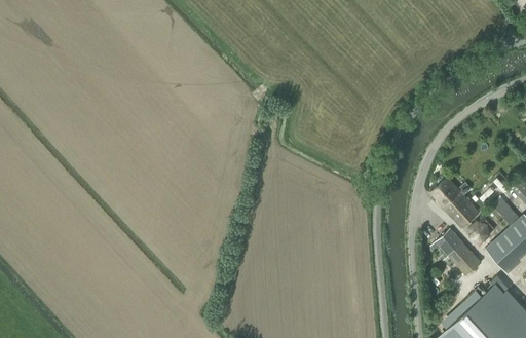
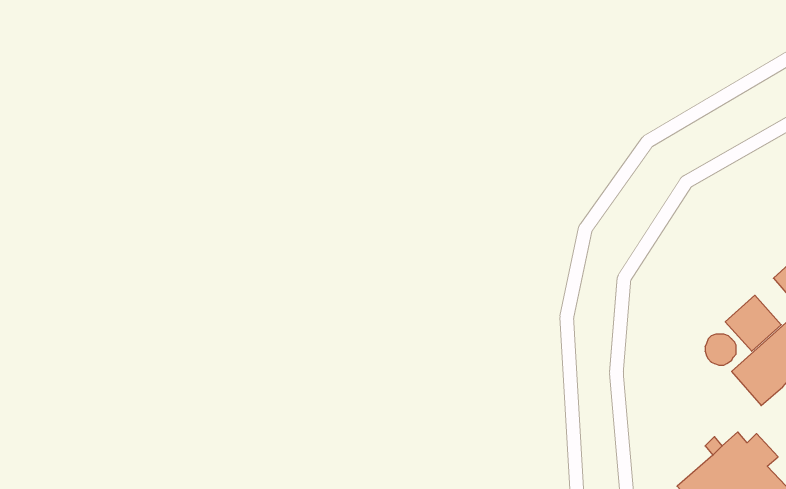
building: [431,178,481,228] -> none
building: [433,229,483,275] -> none

